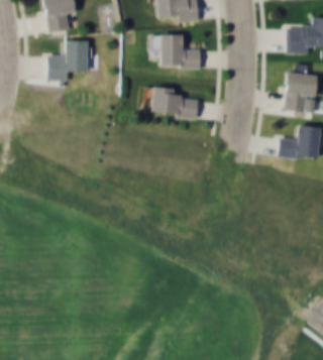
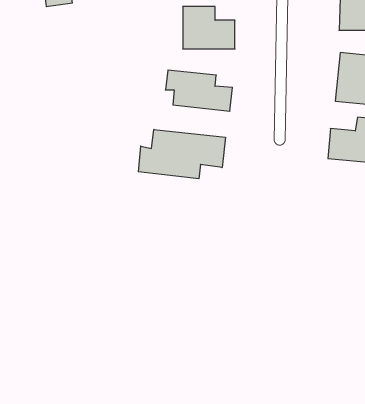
building: [47,40,89,81] -> none
building: none -> [138,129,225,179]

